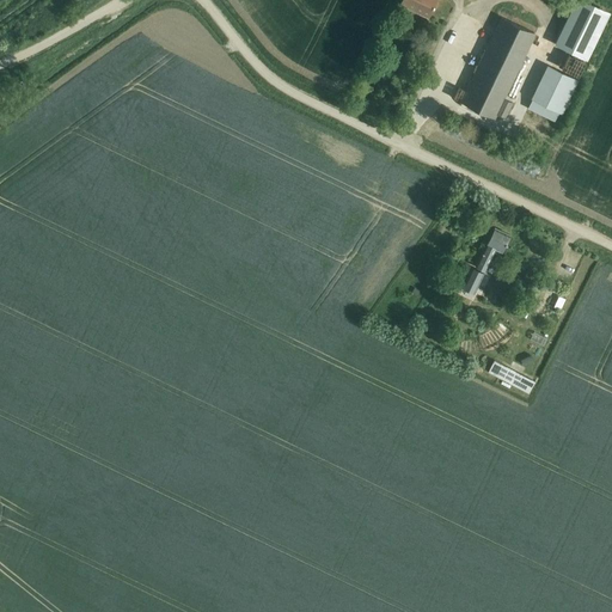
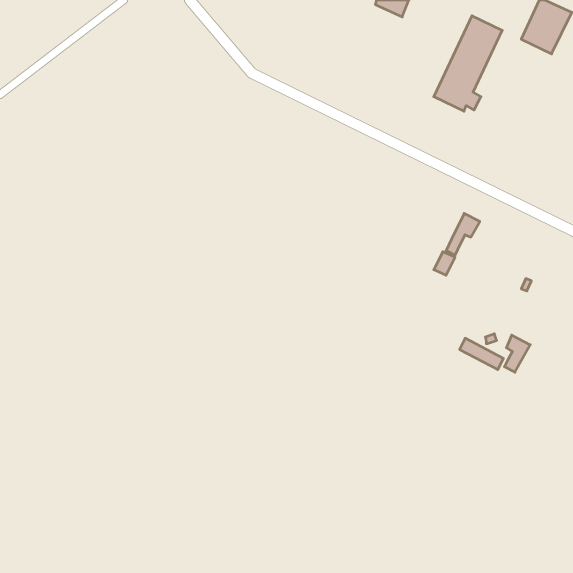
building: [528,66,576,122] -> none
building: none -> [504,335,530,372]

